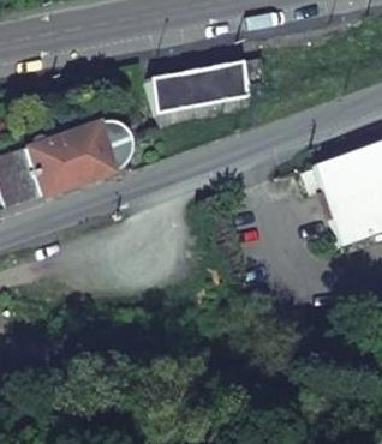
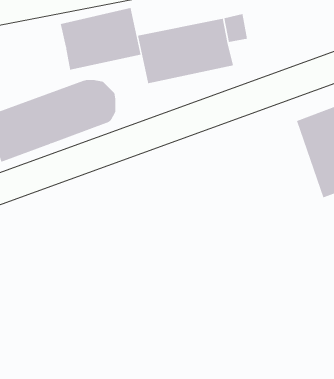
building: none -> [60,7,141,70]

